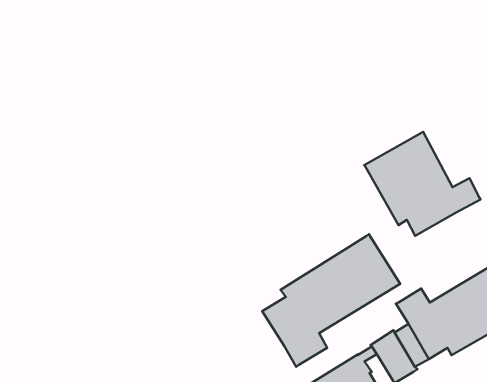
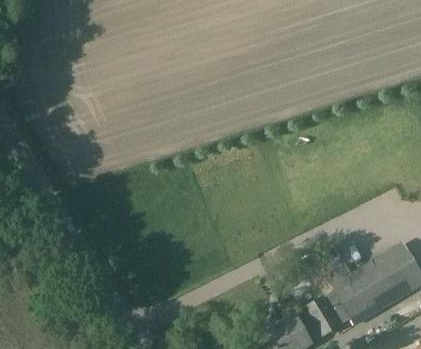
building: [364,132,481,236] -> none
building: [262,234,400,367] -> none

